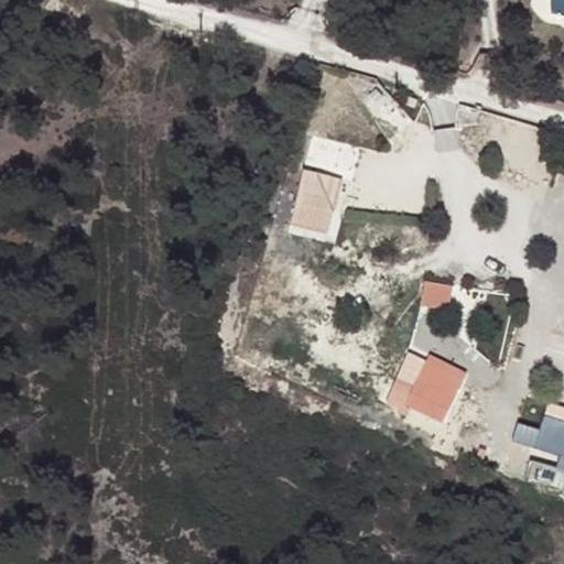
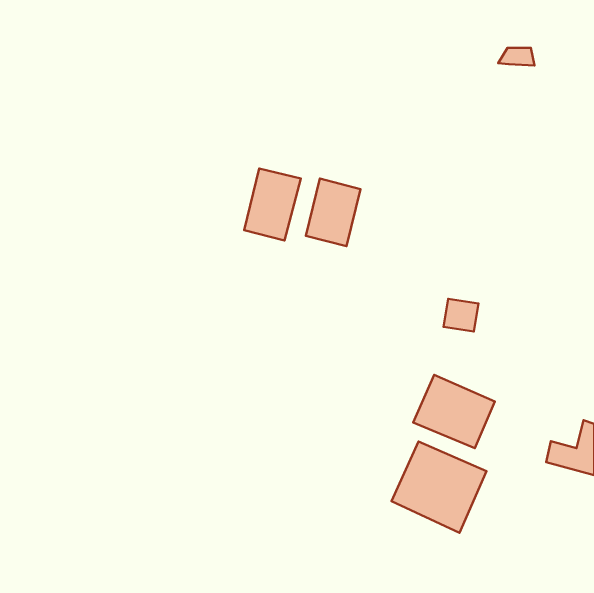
building: none -> [244,168,301,240]
building: none -> [391,442,487,533]

